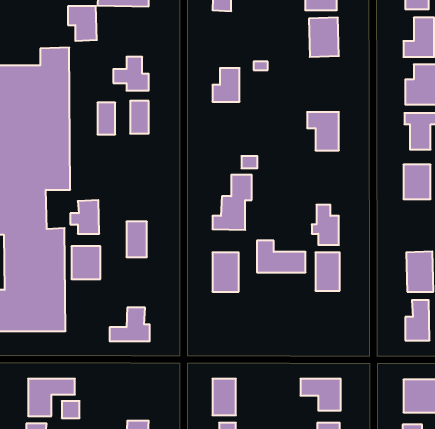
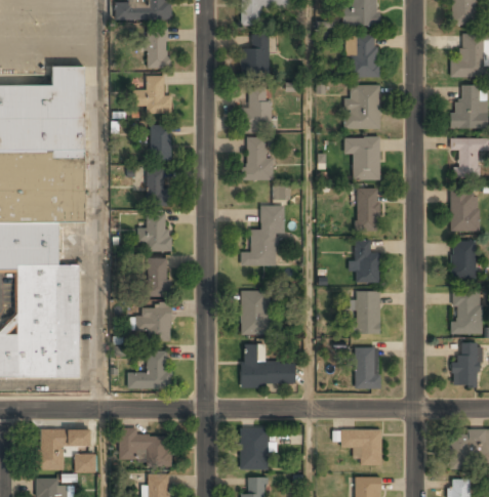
building: [68,6,97,41] -> [138,31,170,69]
building: none -> [241,35,270,76]
building: none -> [345,84,379,129]
building: [97,103,115,134] -> [147,171,166,206]
building: none -> [246,137,272,180]
building: none -> [357,188,379,231]
building: [70,200,99,234] -> [138,214,170,251]
building: none -> [452,241,476,280]
building: [257,241,306,272] -> [242,350,295,385]
building: [71,246,100,279] -> [139,305,171,341]
building: none -> [355,346,379,387]
building: none -> [119,428,171,467]

